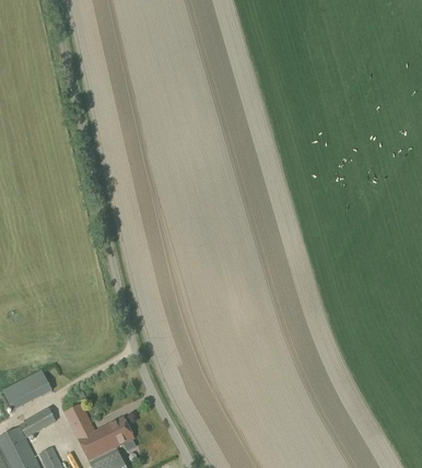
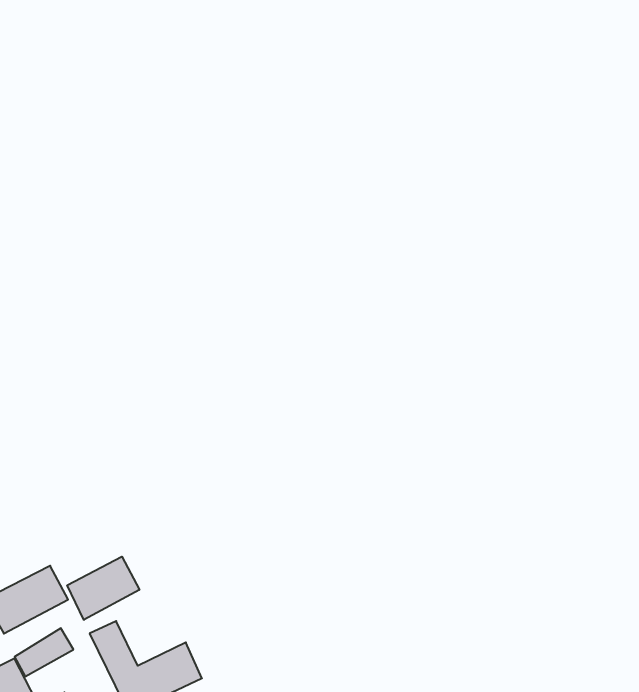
building: none -> [67,557,139,620]

